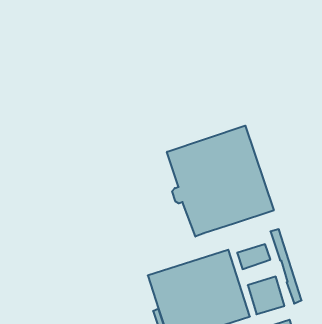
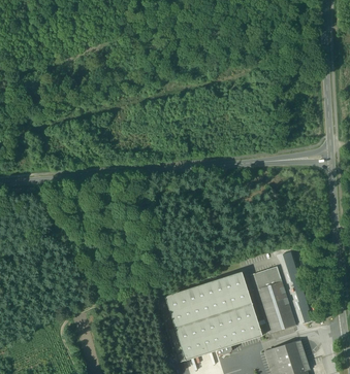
building: [167,126,274,237] -> none
building: none -> [255,281,287,306]

